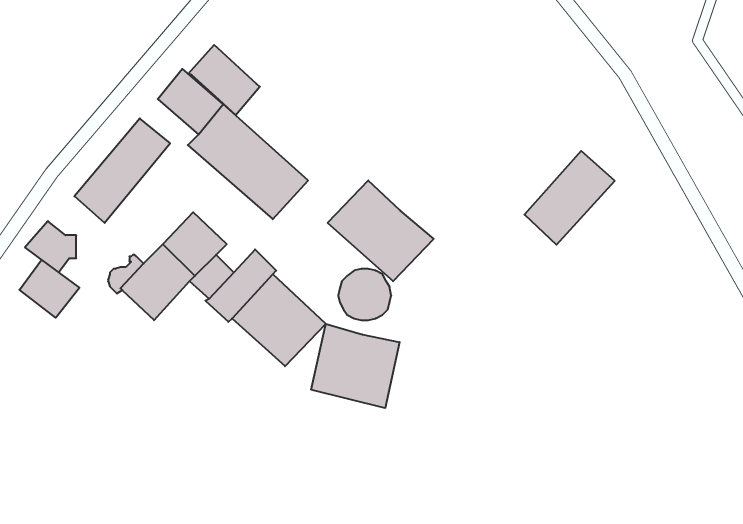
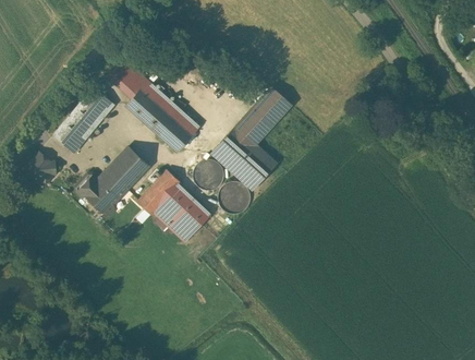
building: [188,45,260,115] -> none
building: [524,151,615,245] -> [236,87,292,145]
building: none -> [193,159,223,189]
building: [19,260,79,318] -> none
building: [311,324,400,408] -> none

